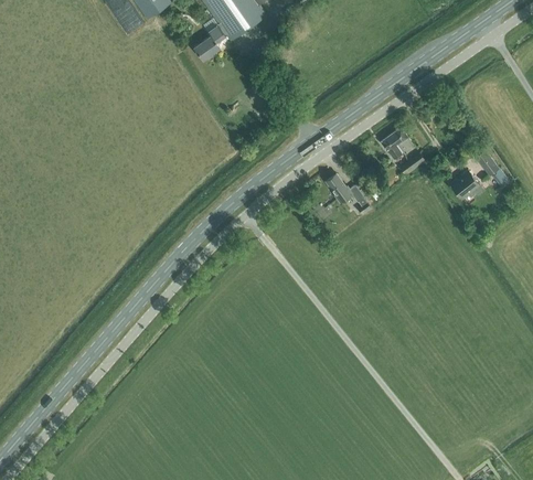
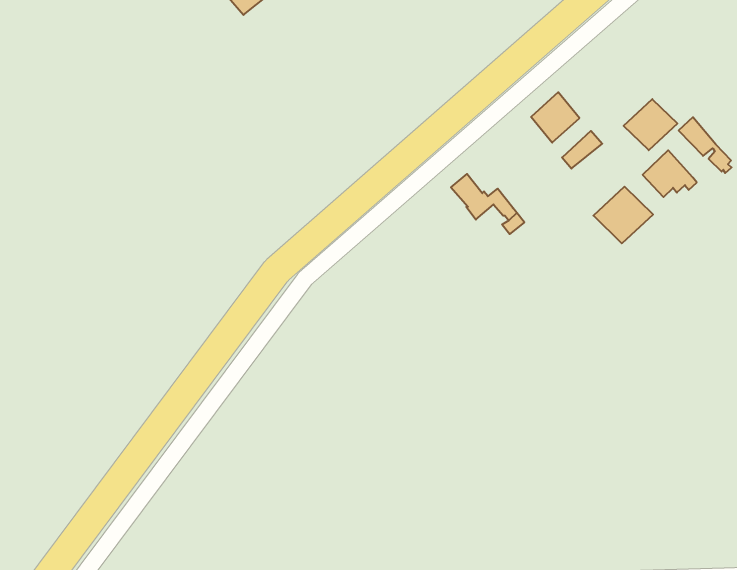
building: none -> [624,99,677,150]
building: none -> [593,187,653,243]

